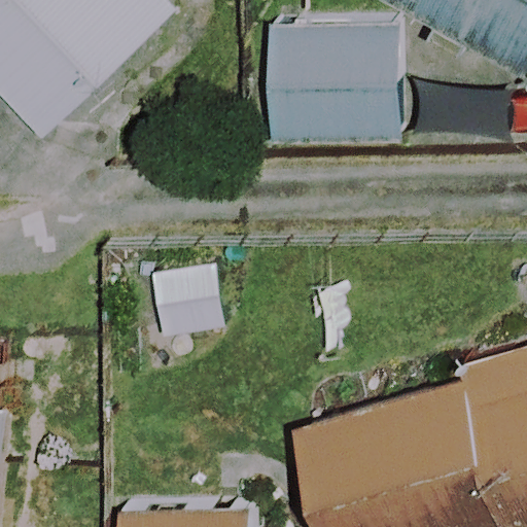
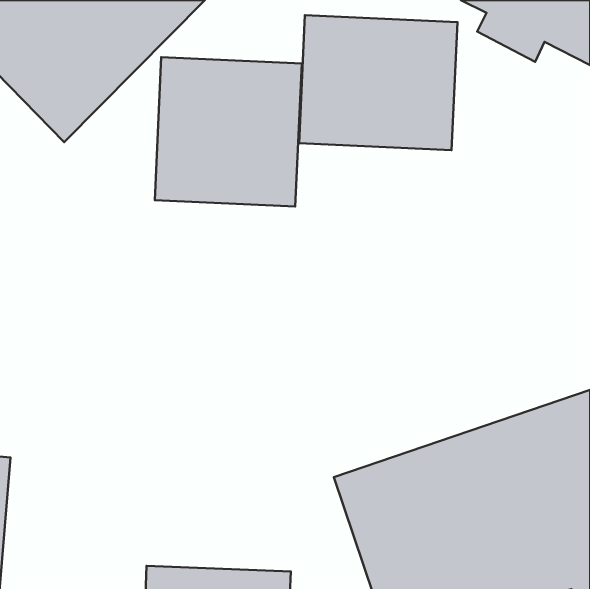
building: none -> [155,57,302,207]

